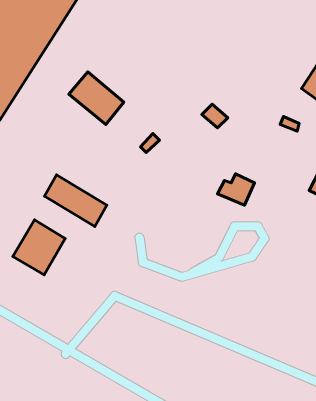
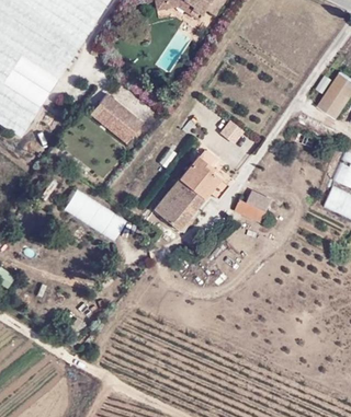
building: none -> [151,150,230,229]
building: [13,220,65,275] -> none

